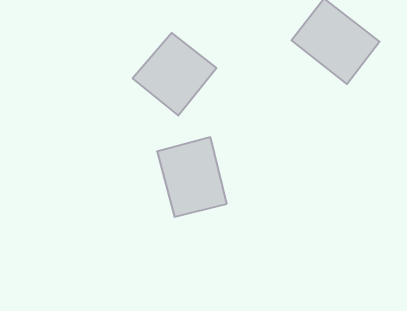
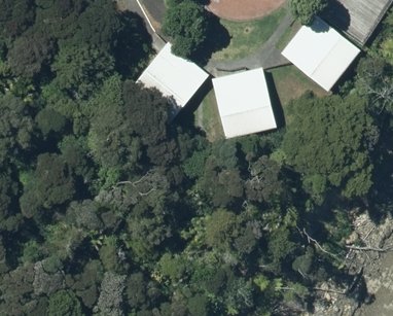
building: [157,137,227,217] -> [210,65,276,140]

